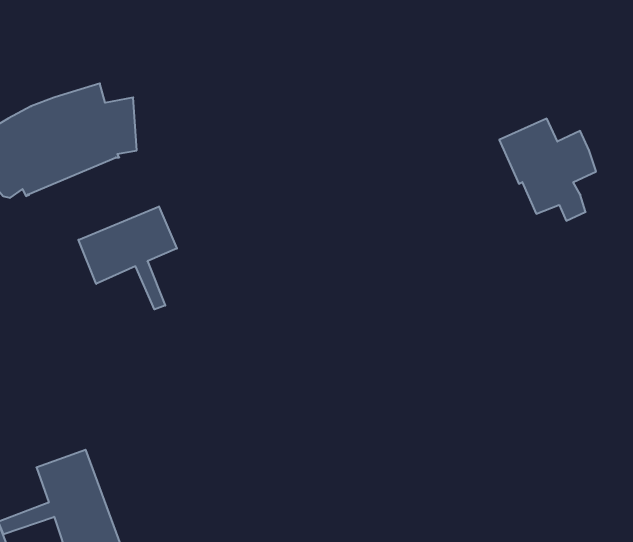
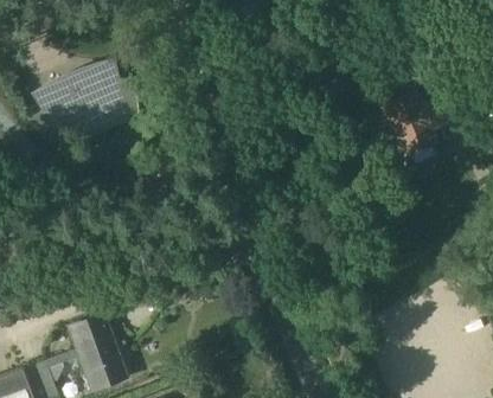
building: [78,206,177,309] -> none

